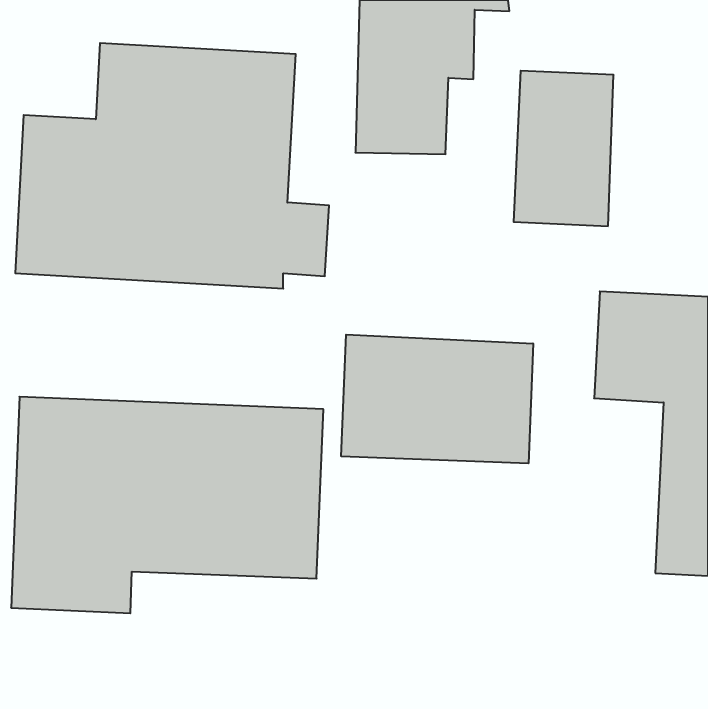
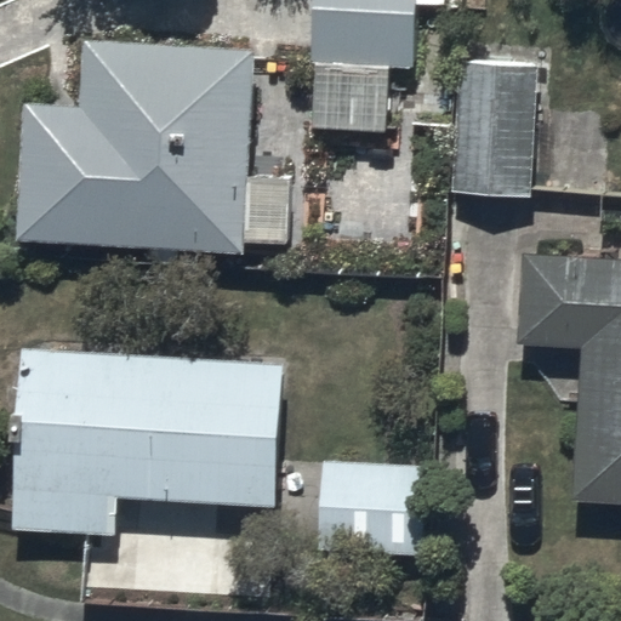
building: [341,335,533,463] -> none
building: none -> [318,458,435,554]

